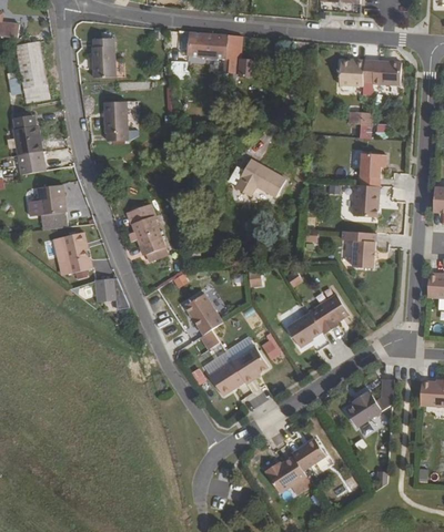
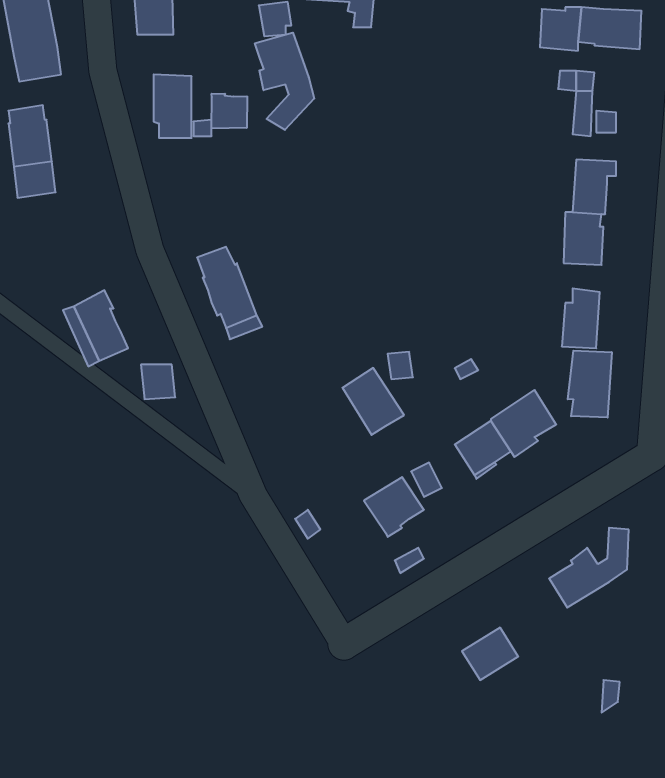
building: none -> [255,33,314,130]
building: none -> [212,94,247,129]
building: [234,155,284,194] -> none
building: [33,185,62,229] -> none
building: none -> [568,351,612,418]
building: [184,294,222,335] -> [342,368,404,435]
building: [209,361,244,396] -> none
building: [264,456,305,493] -> none

